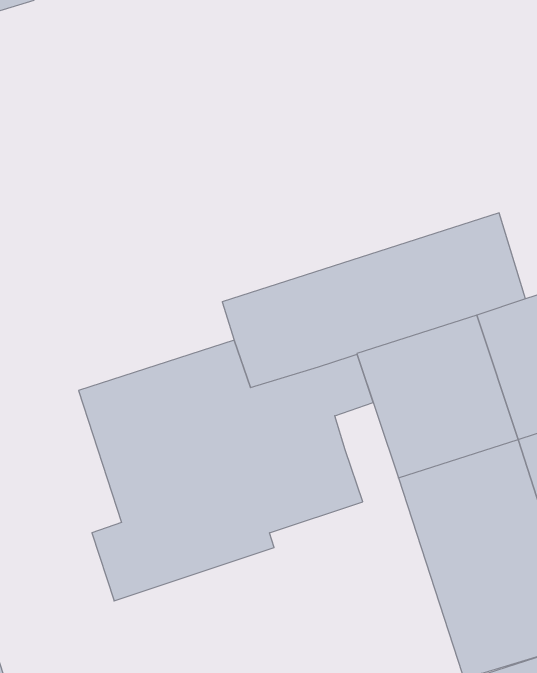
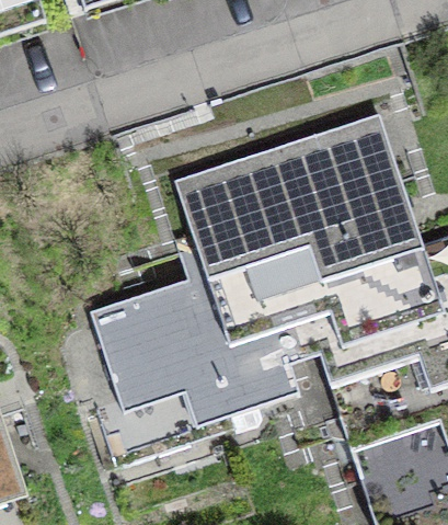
building: none -> [172,109,399,241]

